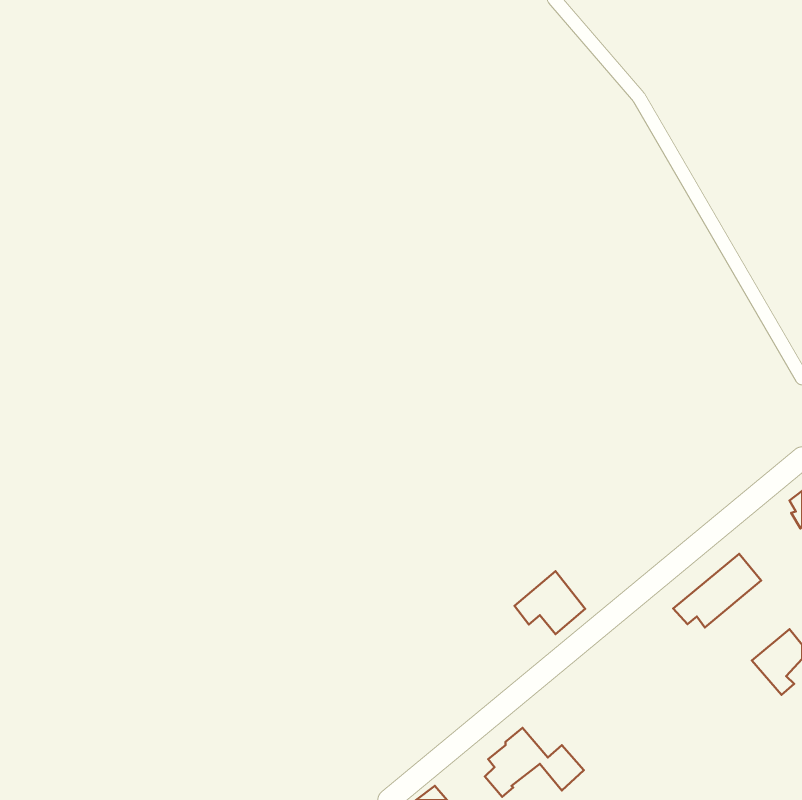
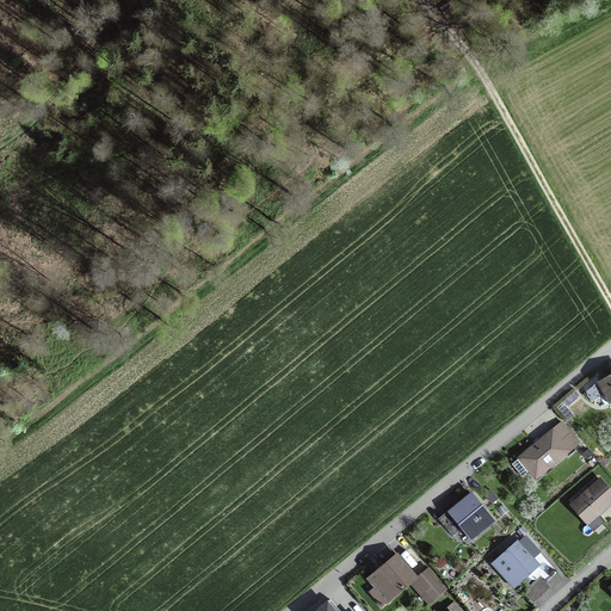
building: [515,571,585,634] -> [440,492,494,539]
building: none -> [493,537,556,582]

